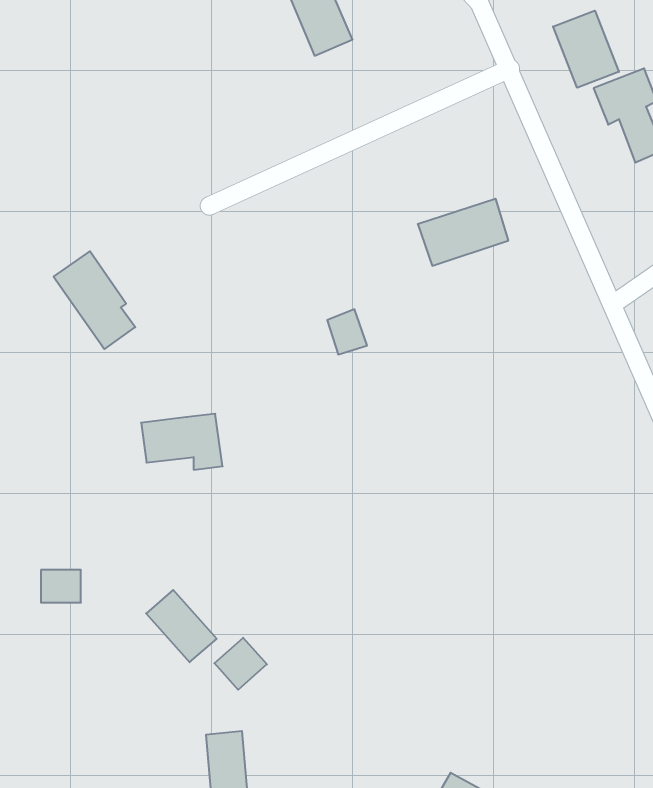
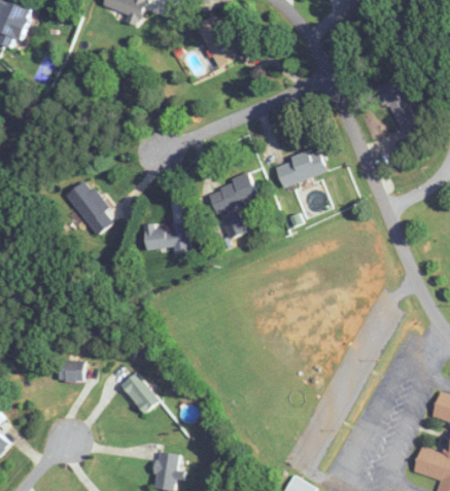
building: [553,11,619,88] -> none
building: none -> [206,175,257,213]
building: [141,414,223,470] -> [143,222,189,254]
building: [214,638,267,690] -> none

